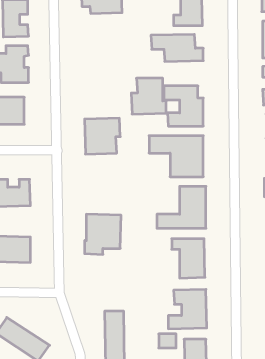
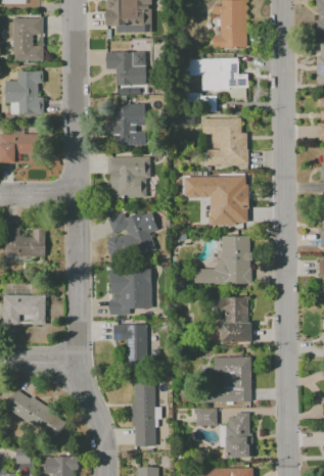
building: none -> [106,51,147,86]
building: [131,78,166,114] -> [107,104,148,146]
building: none -> [105,210,158,263]
building: none -> [113,324,148,371]

